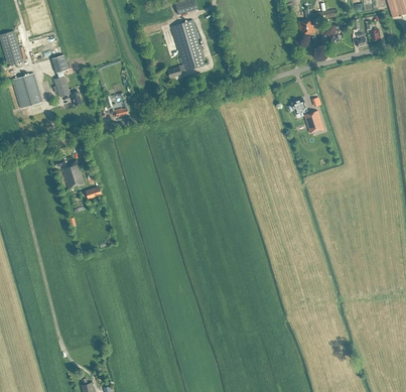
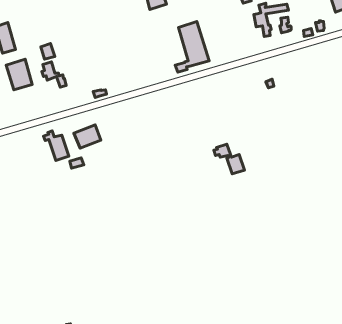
building: [167,19,207,78] -> [175,22,209,72]
building: [288,99,323,133] -> [214,144,244,174]
building: none -> [74,125,101,148]

